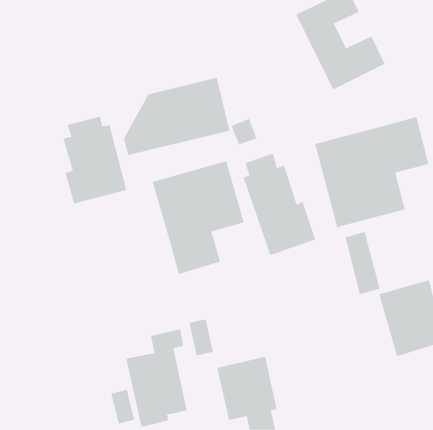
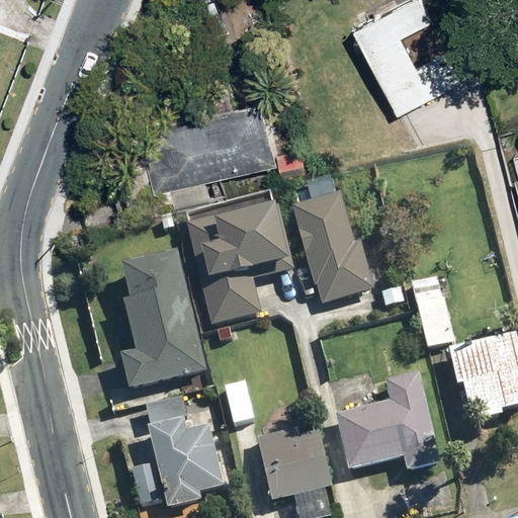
building: [63,116,127,204] -> none
building: [314,116,429,228] -> none
building: none -> [120,256,205,390]
building: none -> [335,373,441,470]

